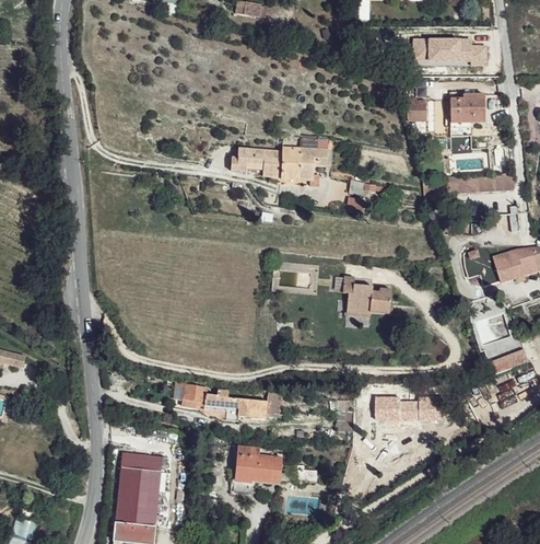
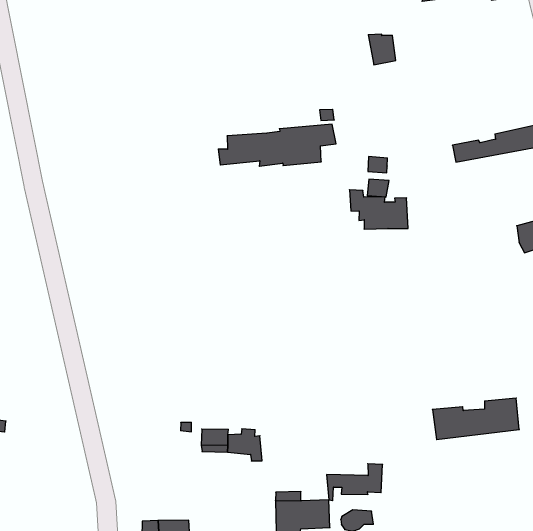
building: [449,94,484,123] -> none
building: [406,97,425,123] -> [368,34,396,65]
building: [342,275,389,313] -> [349,190,408,229]
building: [231,393,279,419] -> [327,464,383,501]

